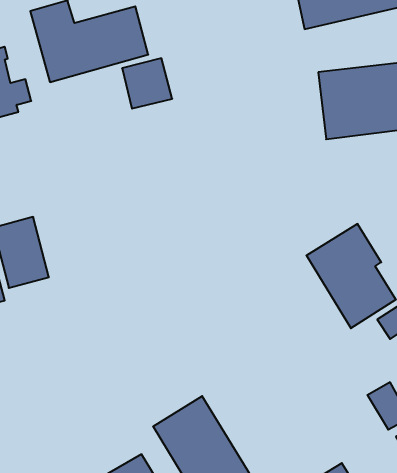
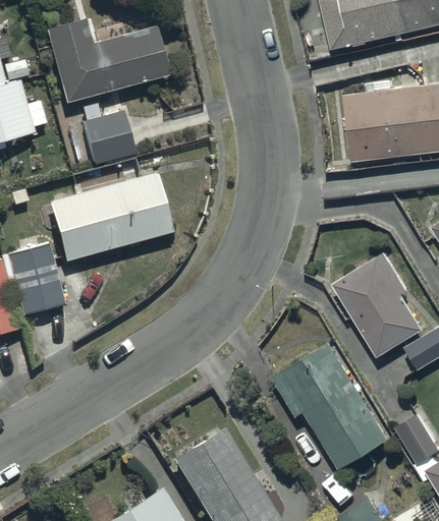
building: [122,58,172,109] -> [84,113,135,165]
building: none -> [49,174,171,262]
building: none -> [272,341,389,468]

